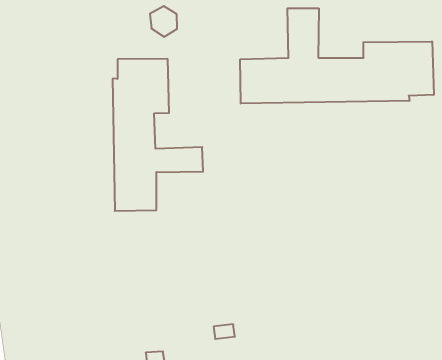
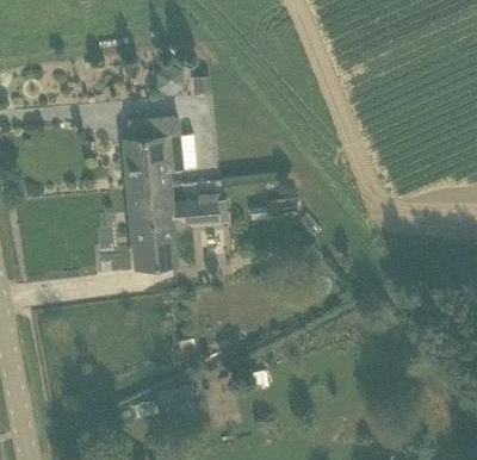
building: [240,8,434,104] -> none

